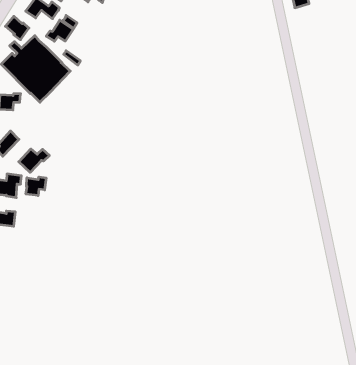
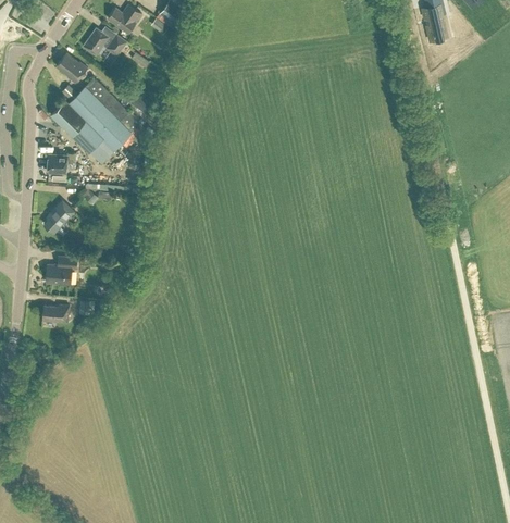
building: [46,20,73,41] -> none
building: [19,149,49,172] -> none
building: [26,177,46,196] -> none

